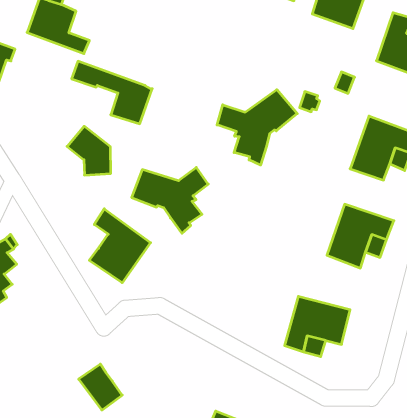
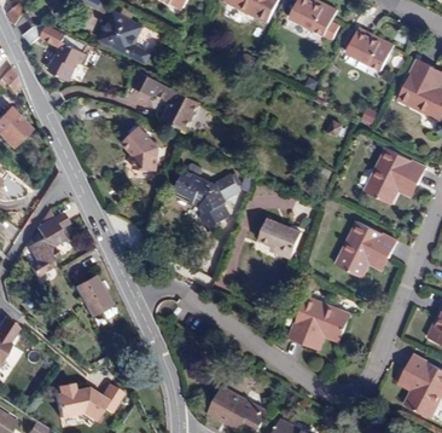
building: [217,90,297,165] -> none
building: [89,209,151,283] -> none
building: none -> [258,217,301,256]
building: [79,364,122,410] -> [74,275,110,314]

